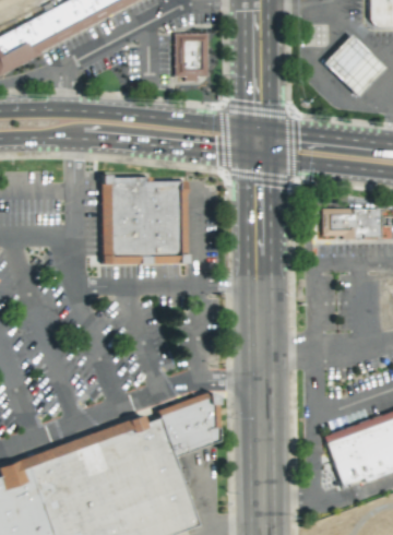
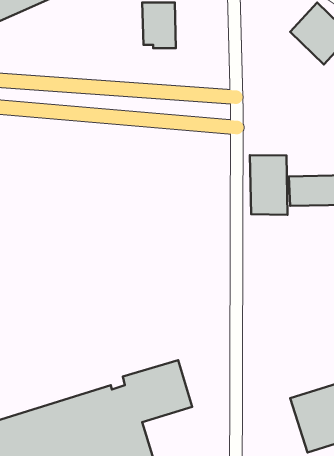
building: [100,177,187,266] -> none
building: none -> [250,155,288,215]

